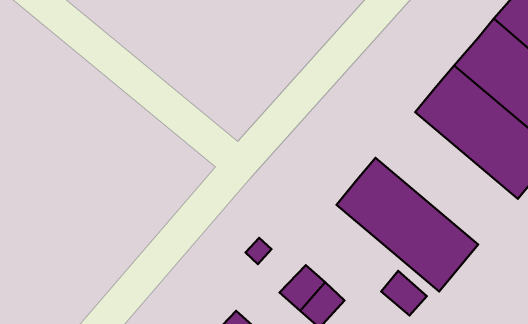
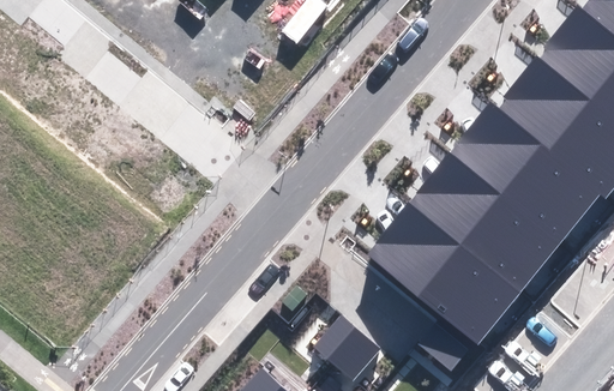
building: none -> [414,156,564,295]

